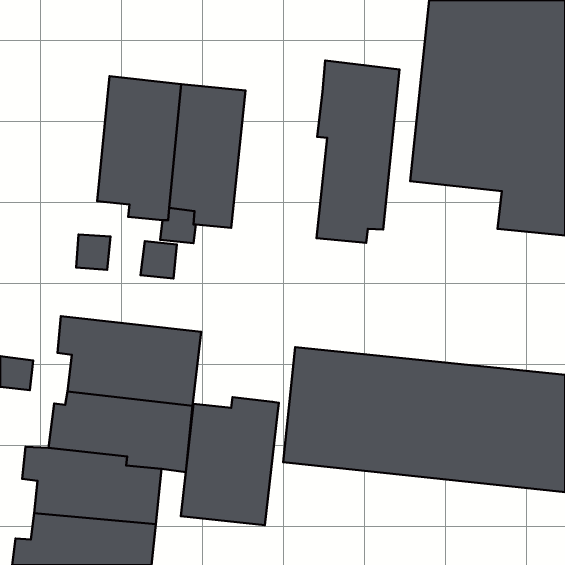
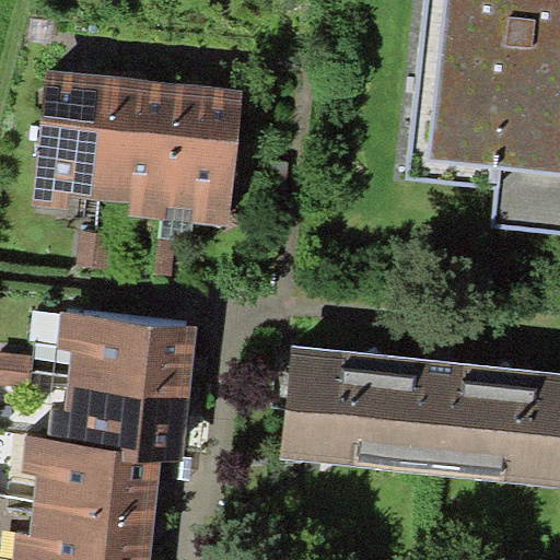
building: [316,61,400,243] -> none
building: none -> [32,70,108,209]
building: [181,397,279,525] -> none

